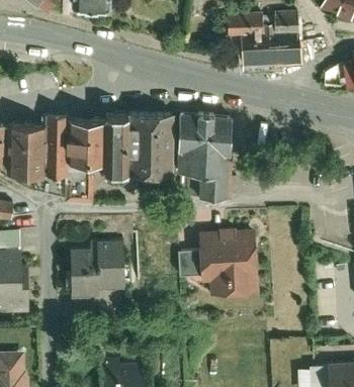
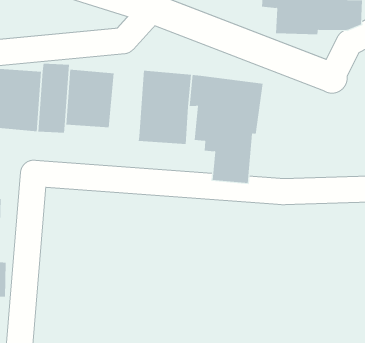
building: [106,114,131,171] -> none
building: [177,230,260,297] -> none
building: [70,243,126,300] -> none

